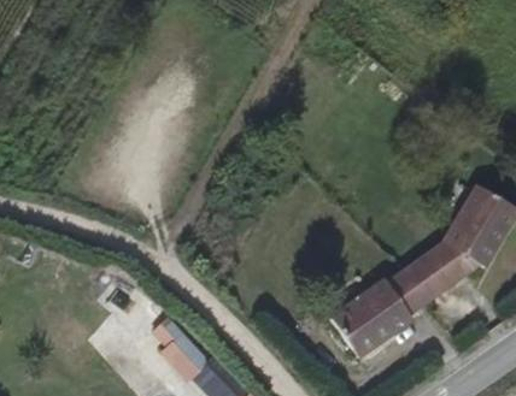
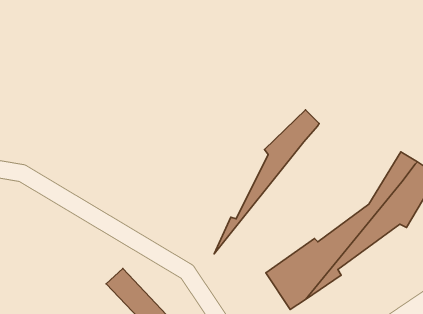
building: none -> [214,110,319,254]

